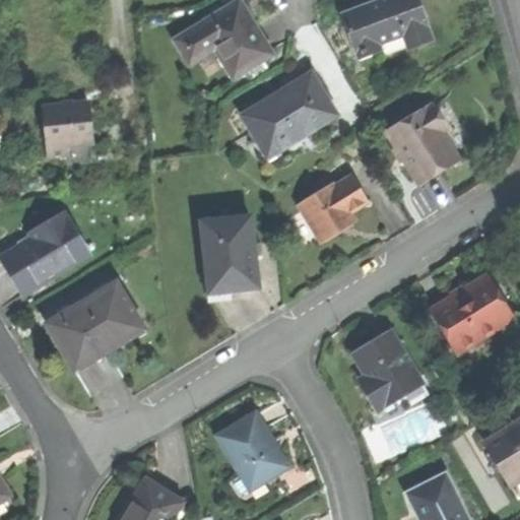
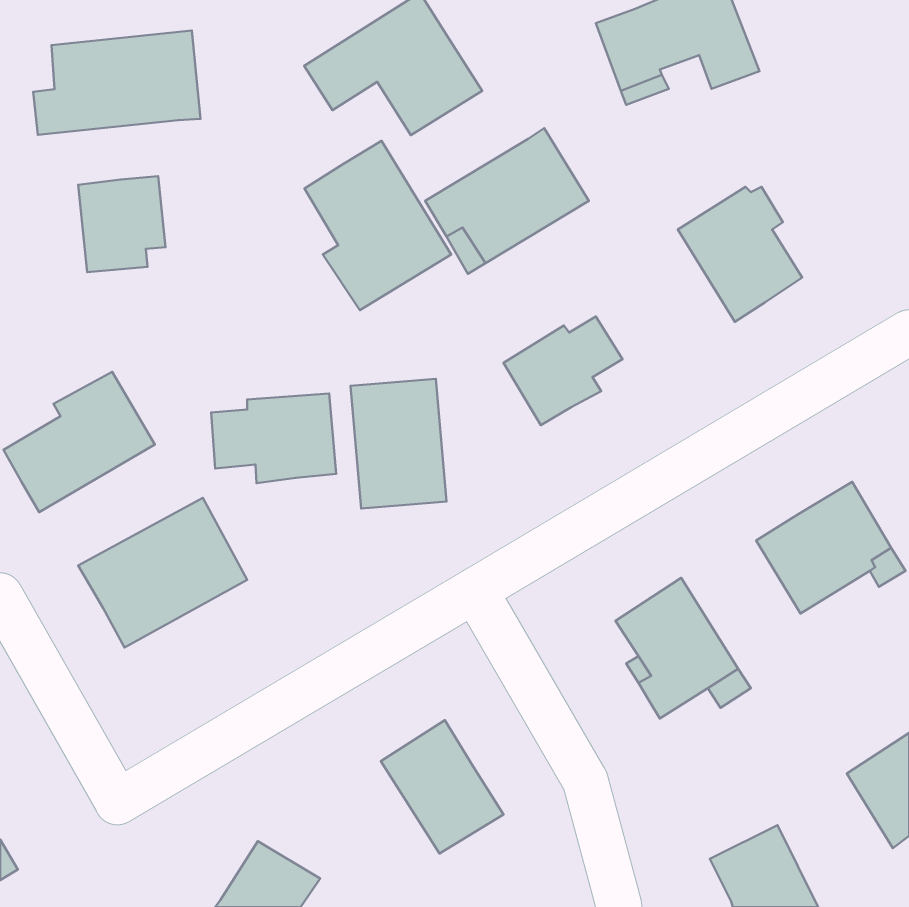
building: none -> [33,31,201,135]
building: none -> [304,141,451,310]
building: none -> [211,394,336,483]

